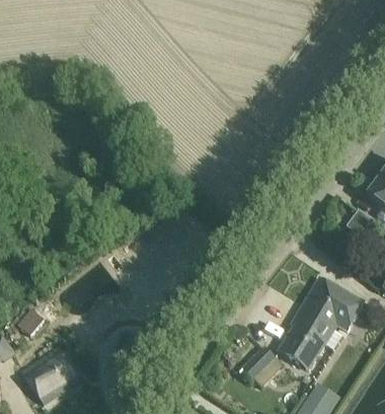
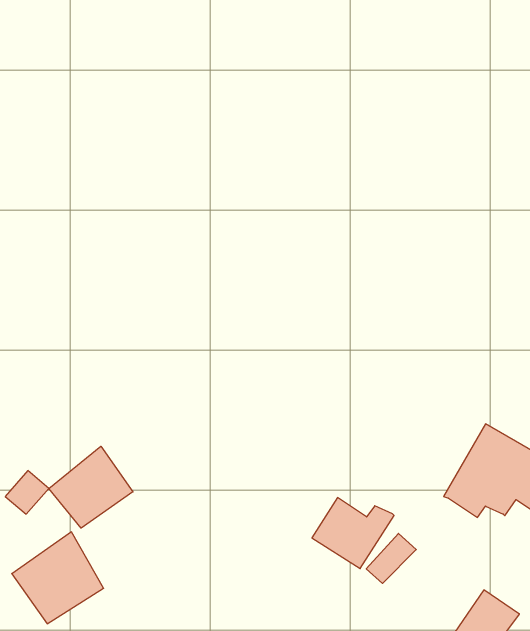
building: none -> [49,446,133,528]
building: [280,324,331,368] -> [312,498,394,569]

